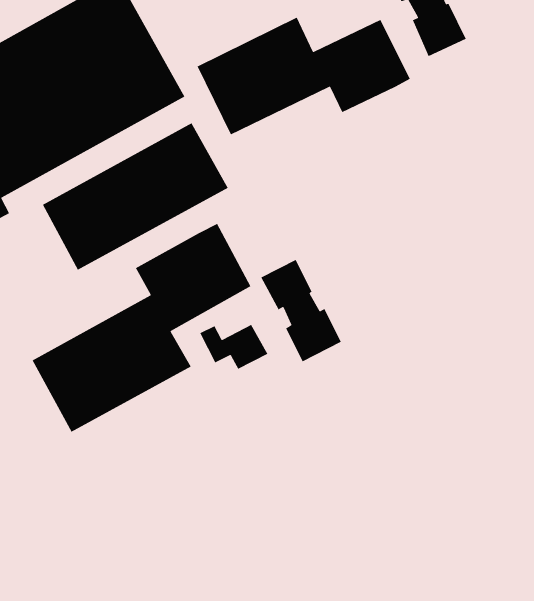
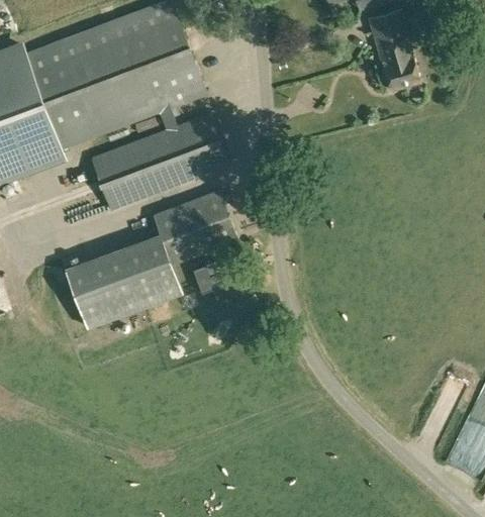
building: [197,16,411,135] -> none
building: [260,259,342,362] -> none

